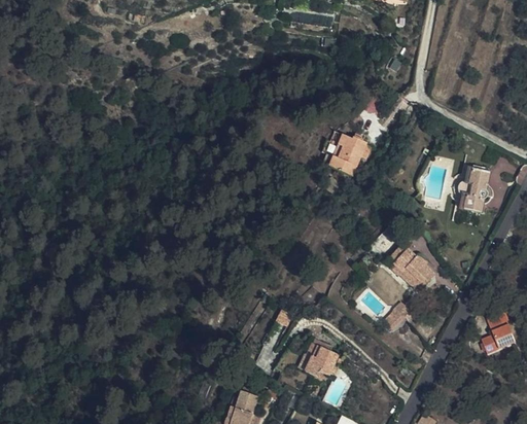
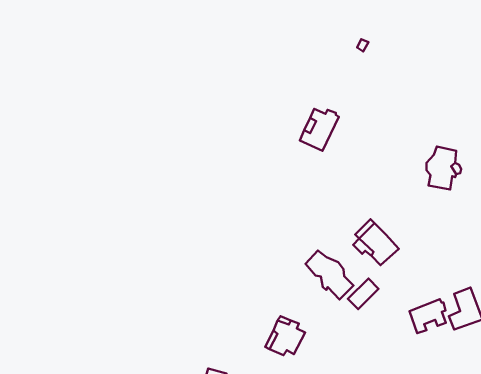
building: none -> [305,251,353,299]
building: none -> [409,299,446,333]

